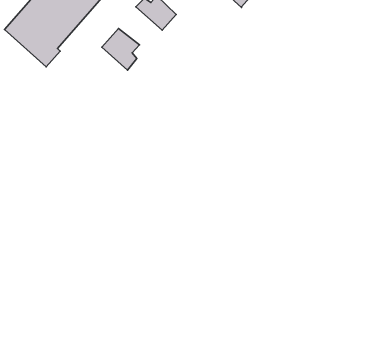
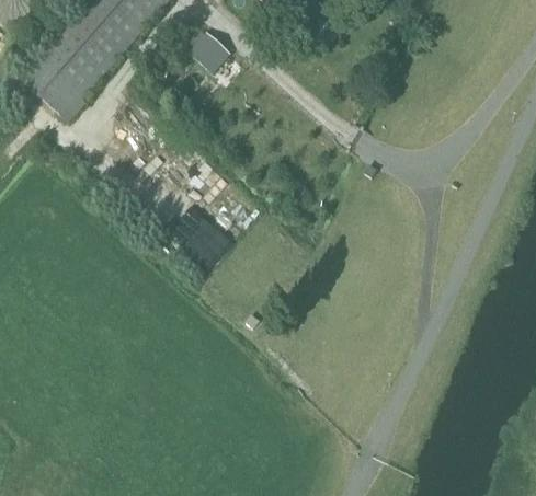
building: [102,28,139,70] -> none

